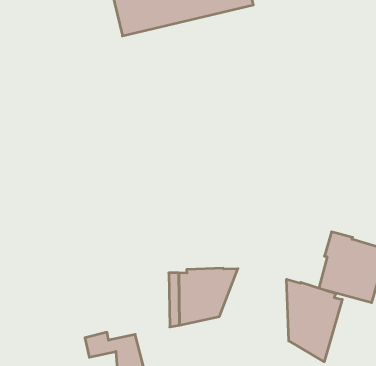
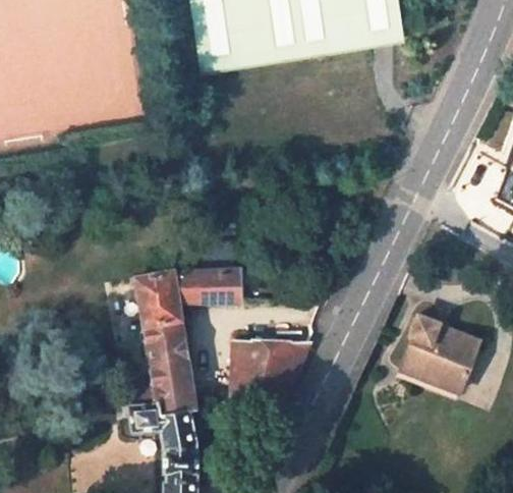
building: none -> [136,268,239,412]
building: [287,279,342,362] -> none

